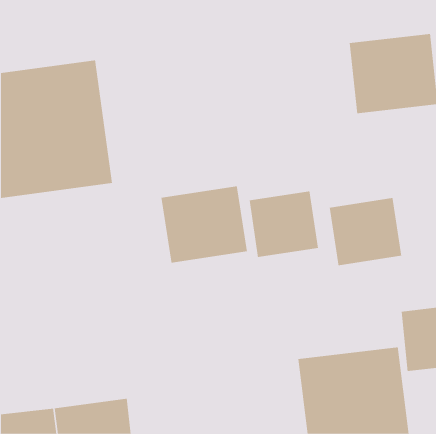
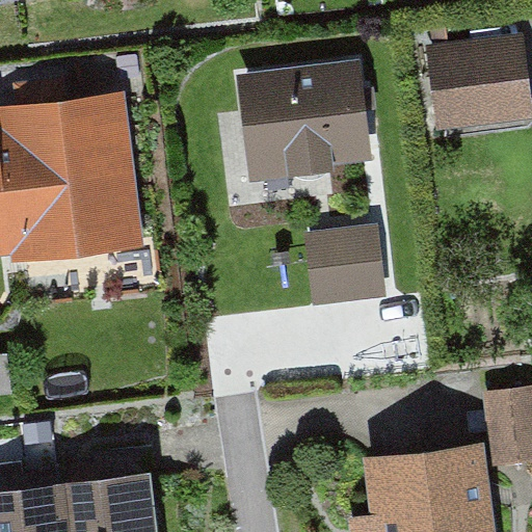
building: none -> [235,71,367,187]
building: [161,185,248,264] -> none
building: [329,197,402,266] -> none

